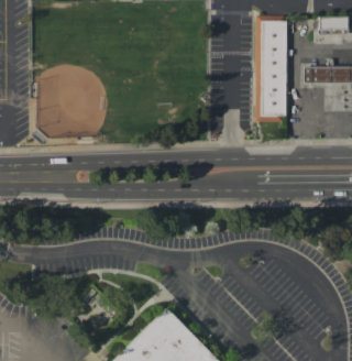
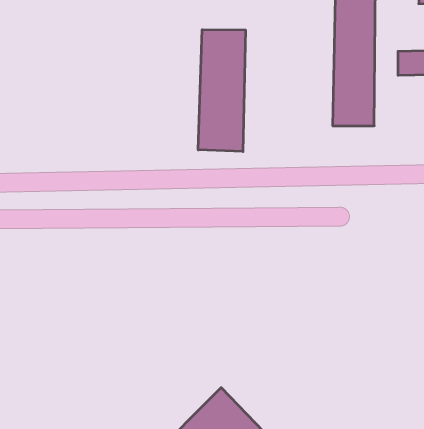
building: none -> [198,30,245,152]

